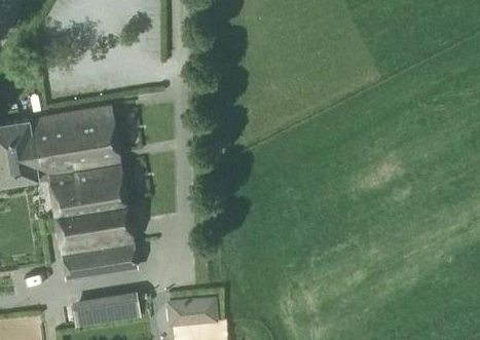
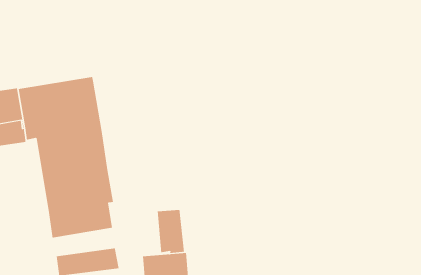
building: none -> [157,209,184,254]

